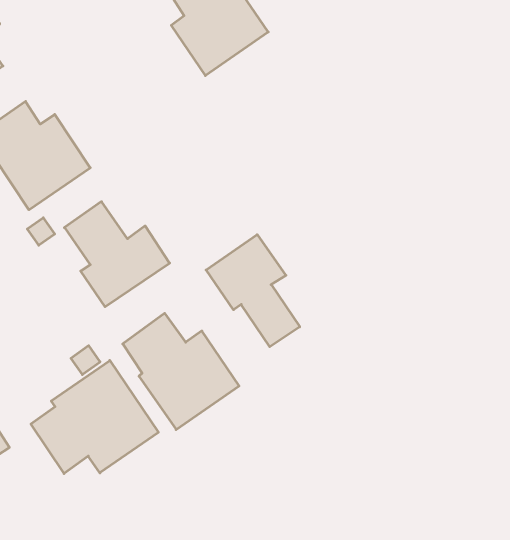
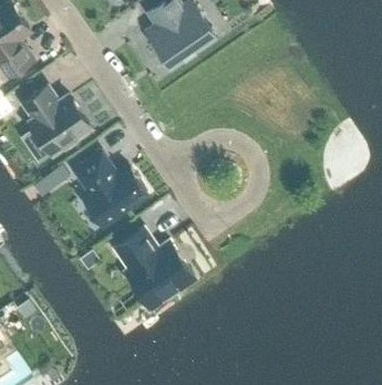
building: [206,235,300,347] -> none
building: [31,360,158,474] -> none

